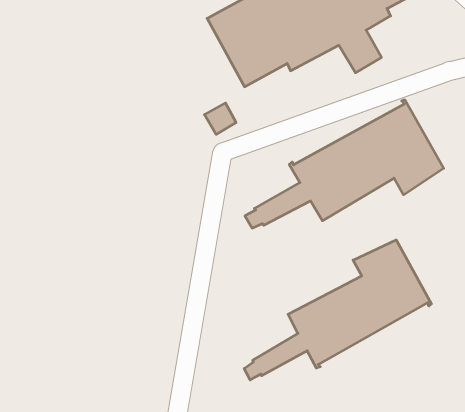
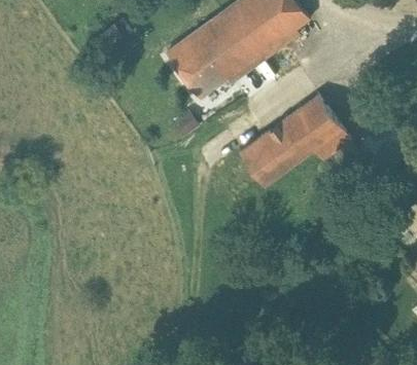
building: [244,240,431,380] -> none

